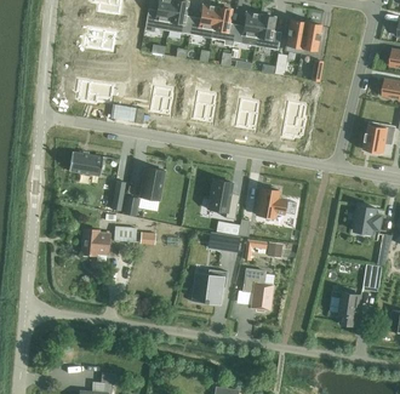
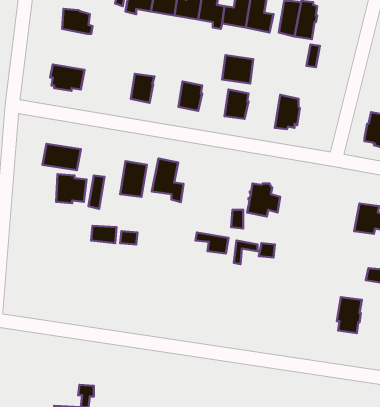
building: none -> [222,55,253,84]
building: [207,178,236,218] -> [152,159,183,202]
building: [81,228,109,255] -> [56,174,87,203]
building: [192,268,227,303] -> none
building: [242,268,273,310] -> none

